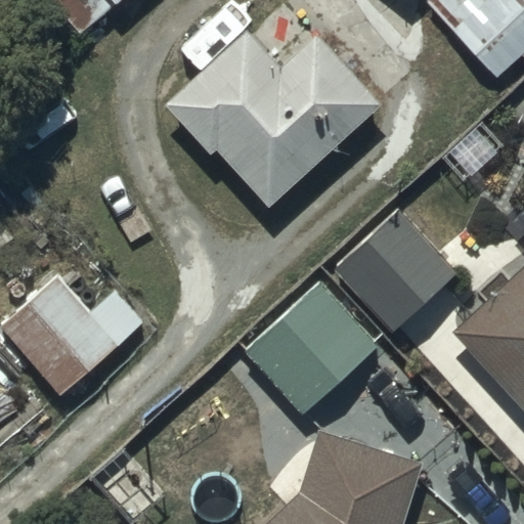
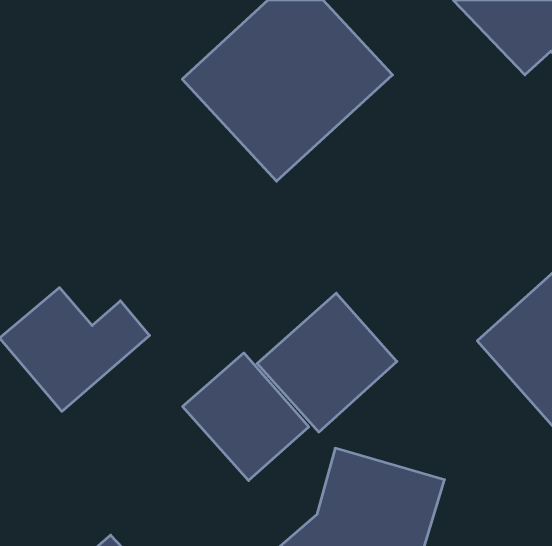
building: [336,211,455,331] -> none
building: none -> [183,353,309,481]

